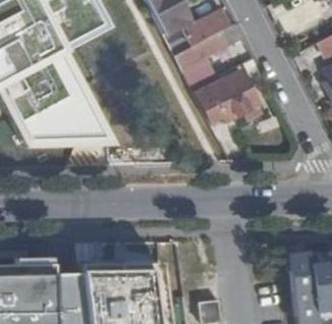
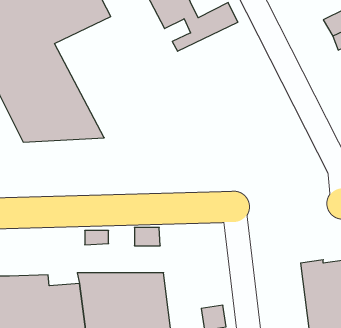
building: [173,24,263,124] -> none

